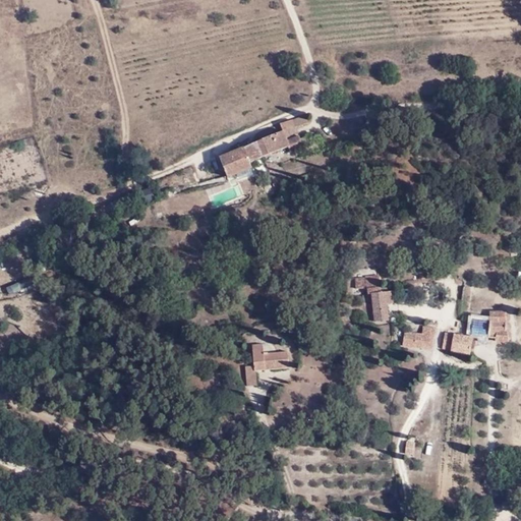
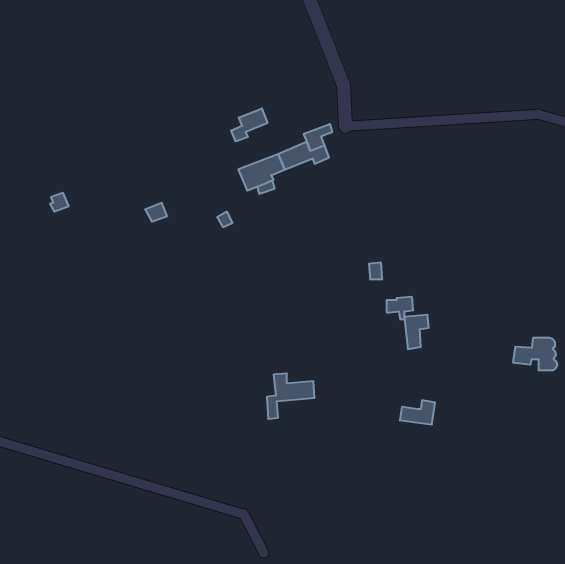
building: none -> [231,108,267,141]
building: [402,325,435,347] -> [400,400,435,425]
building: [442,332,472,353] -> none

